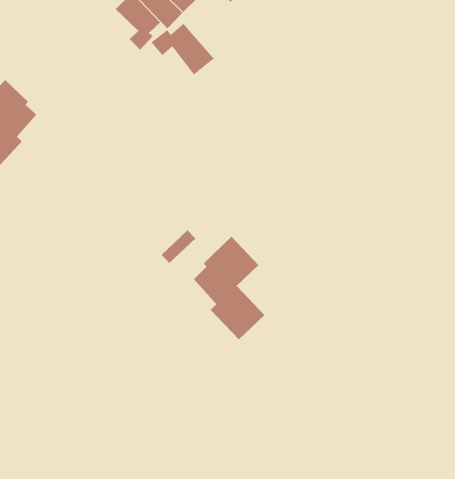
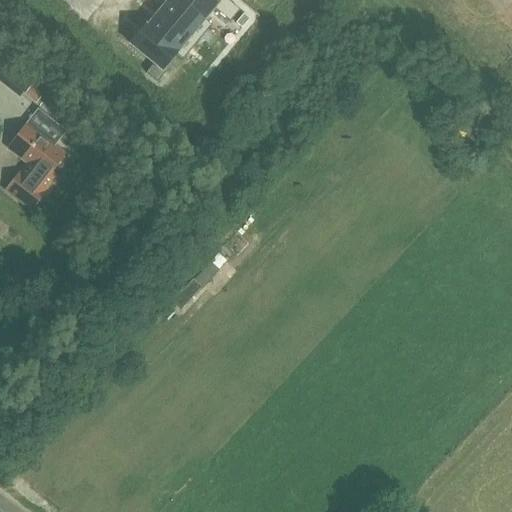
building: [151,23,215,76] -> none
building: [193,236,265,340] -> none

